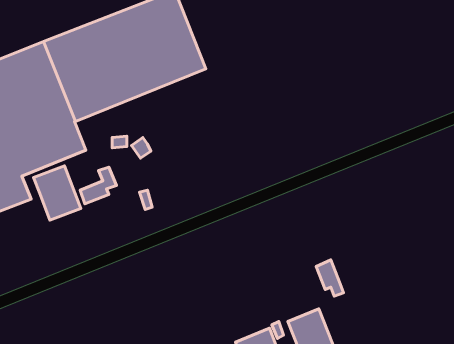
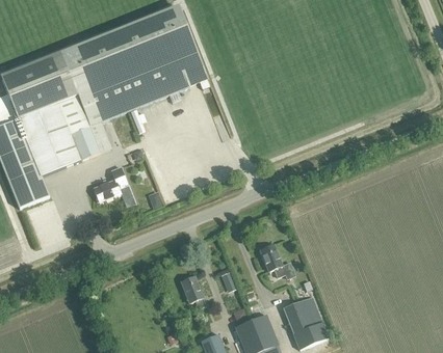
building: [34,166,81,220] -> none
building: [316,260,343,296] -> [260,243,285,276]
building: none -> [181,275,206,307]

